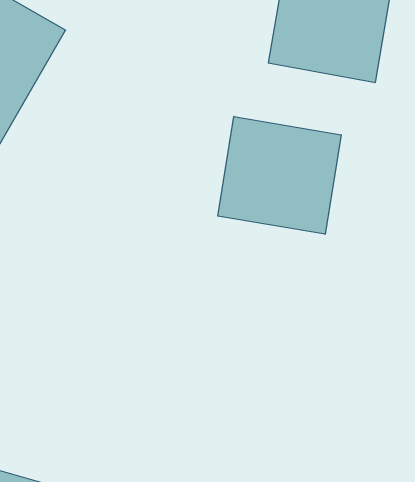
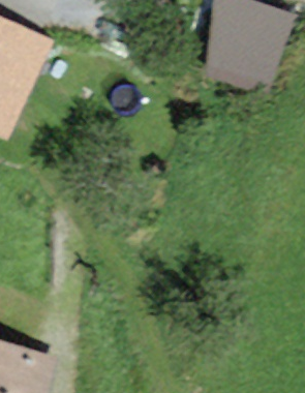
building: [218,116,341,234] -> none

